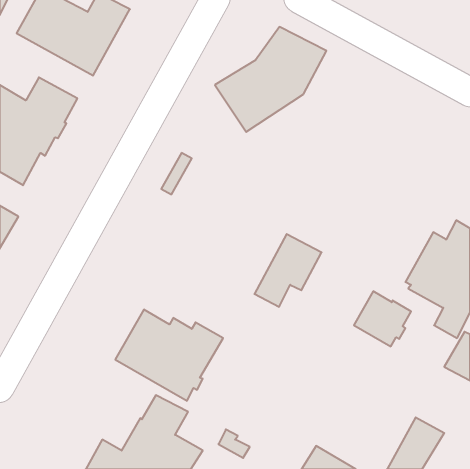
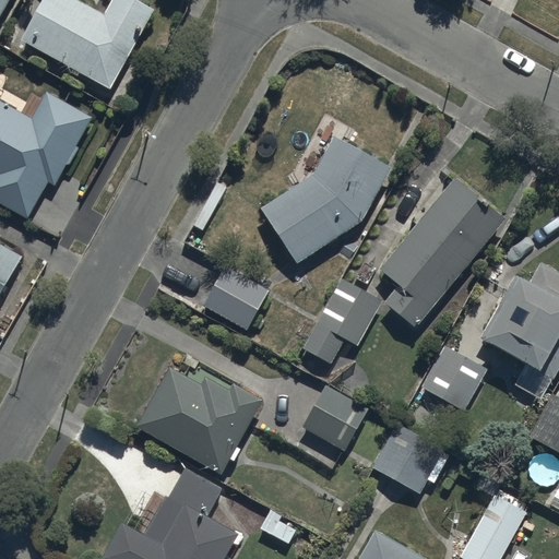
building: [215,27,326,132] -> [259,140,391,264]
building: none -> [378,178,506,331]
building: none -> [198,263,271,334]
building: none -> [302,388,368,453]
building: none -> [370,424,450,495]

